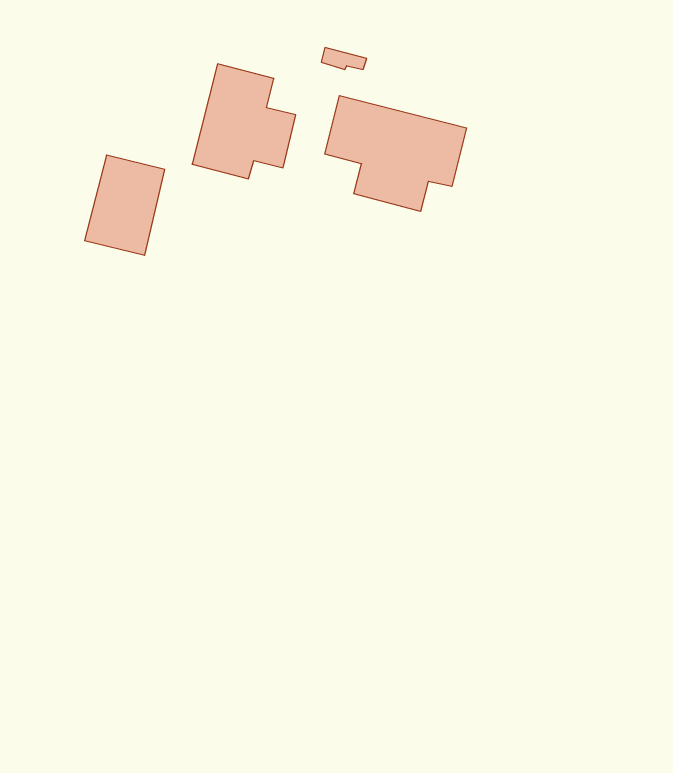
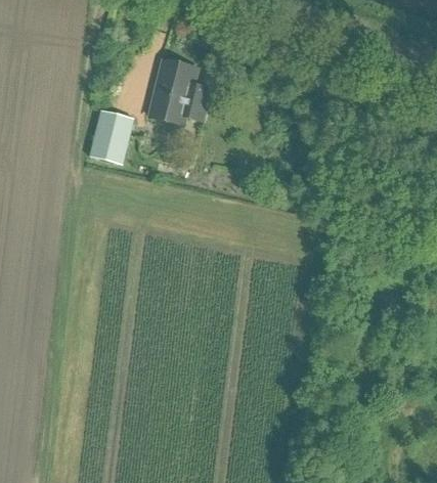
building: [325,96,466,211] -> none

